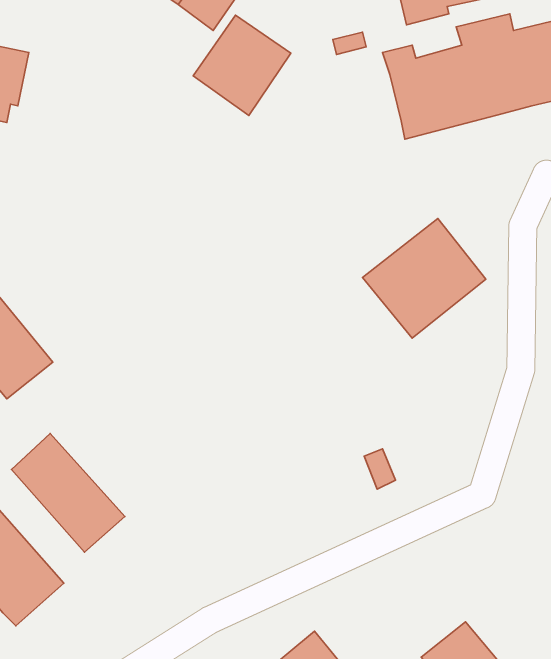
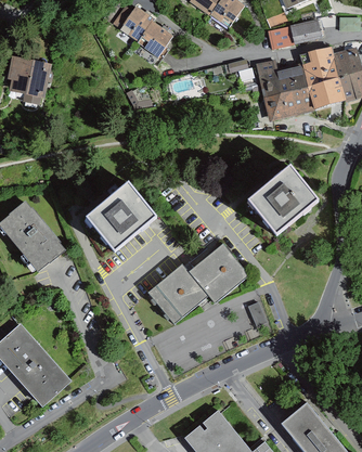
building: [193,15,291,115] -> none
building: none -> [85,182,157,253]
building: none -> [147,246,247,325]
building: [12,434,125,552] -> none

